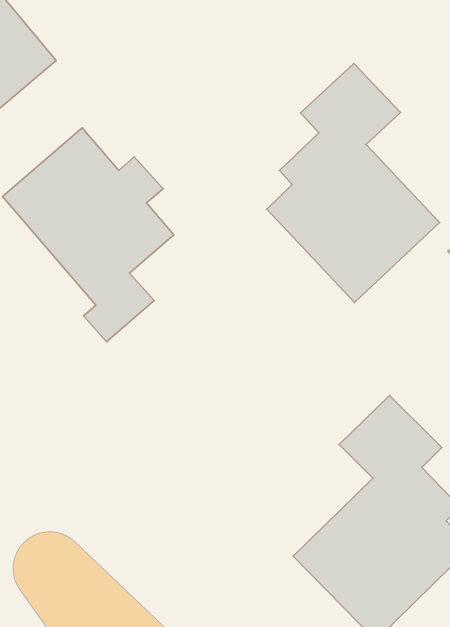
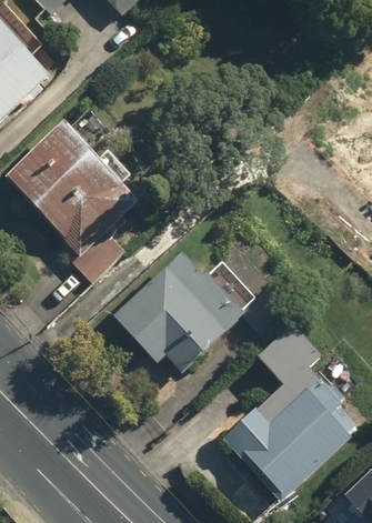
building: [267,64,439,302] -> none
building: none -> [114,249,296,376]

